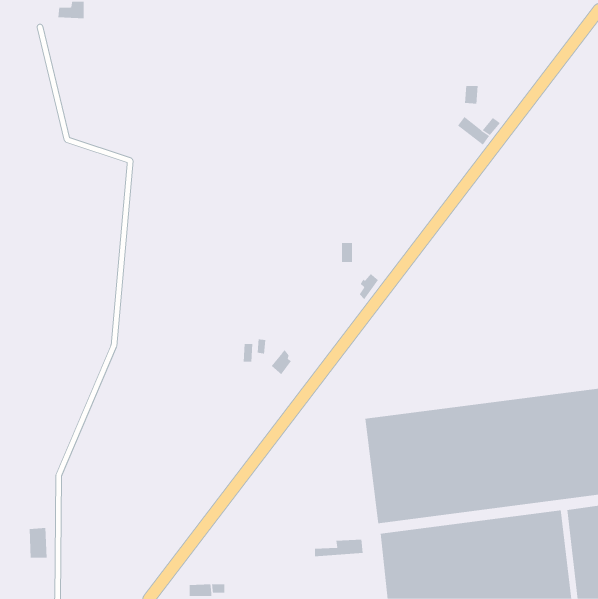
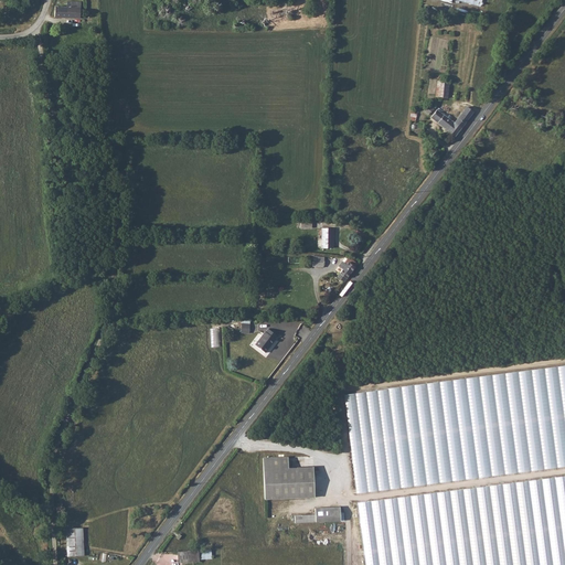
building: none -> [265,457,316,501]
building: [29,528,47,558] -> [67,527,85,556]

